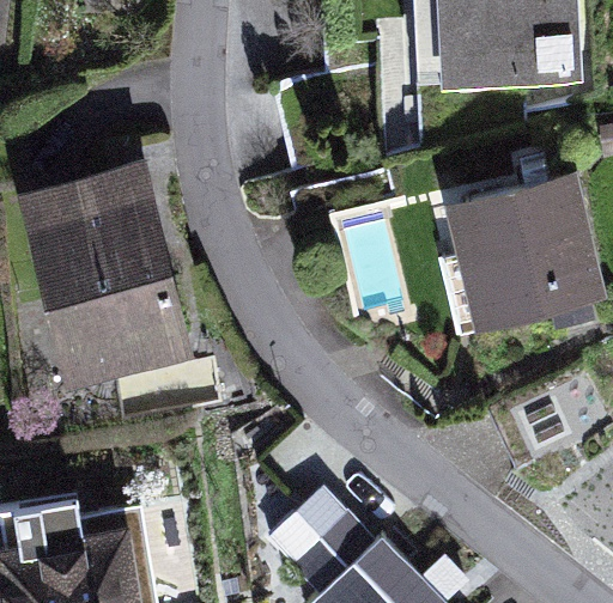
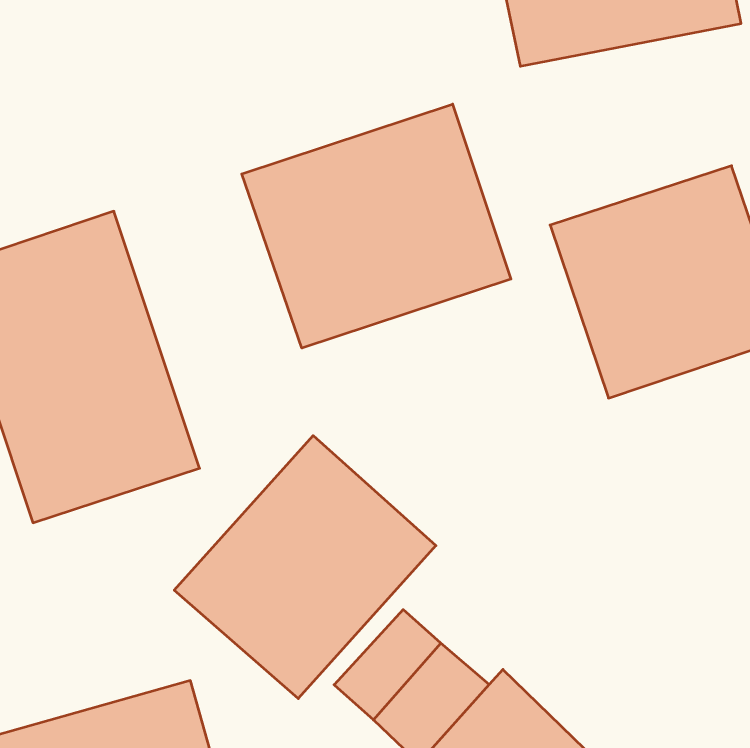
building: none -> [242,104,511,348]
building: none -> [174,436,436,699]

